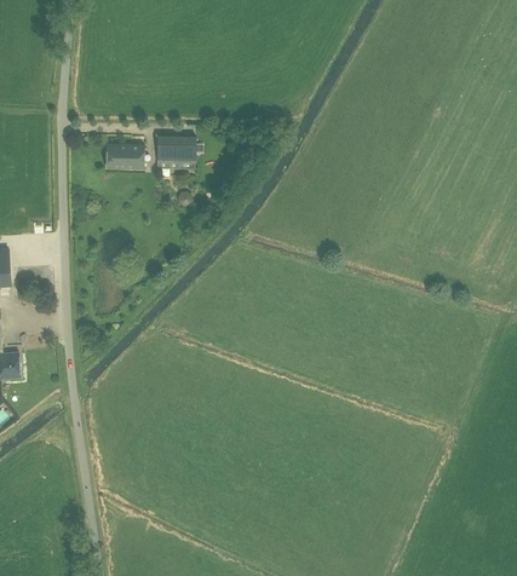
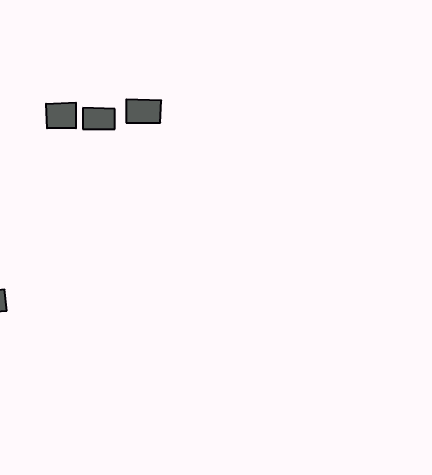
building: none -> [46,103,76,128]

